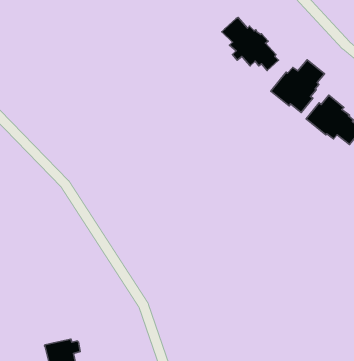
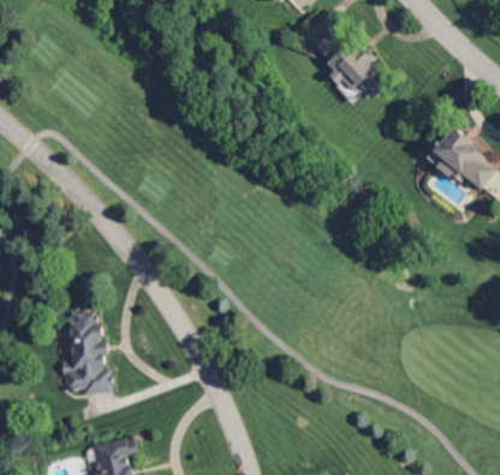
building: [271,60,324,112] -> none
building: none -> [60,310,111,392]

